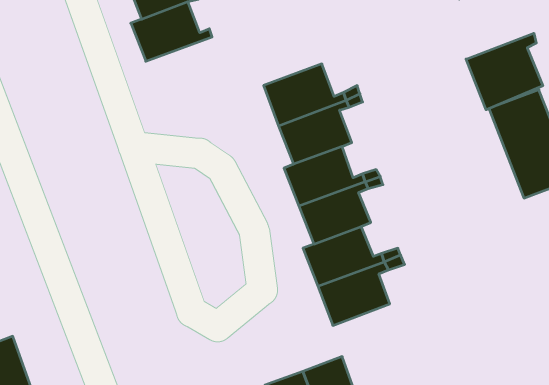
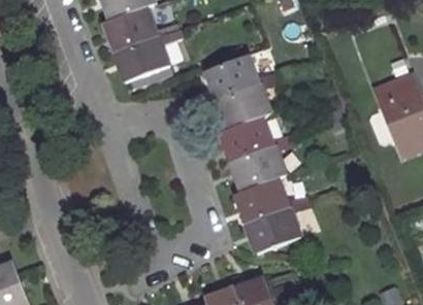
building: [466,33,543,110] -> none
building: none -> [113,33,168,81]

